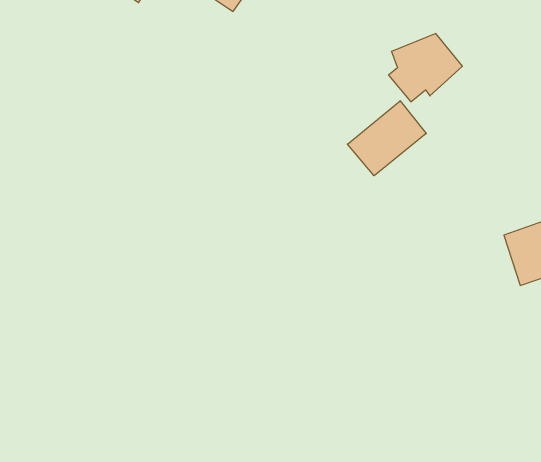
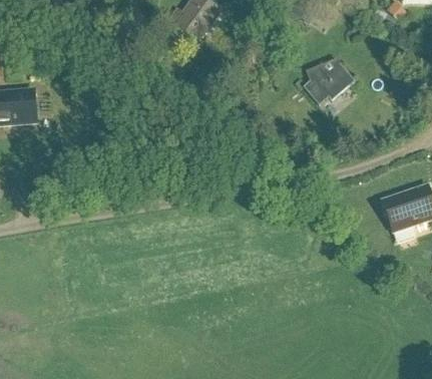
building: [347,101,426,176] -> none

